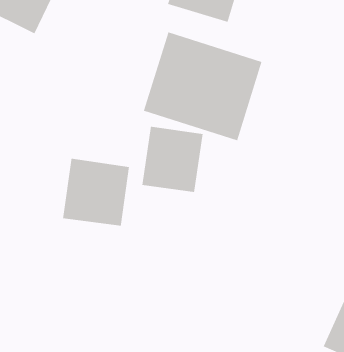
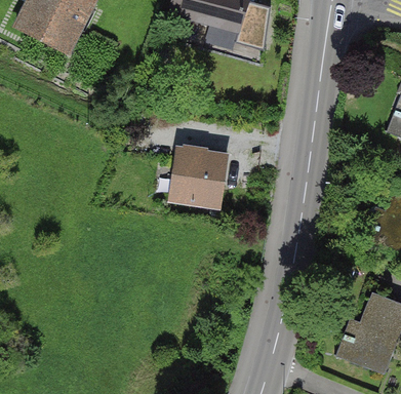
building: [143,31,262,141] -> none
building: [62,158,129,226] -> none

